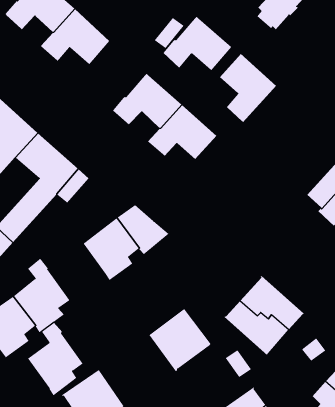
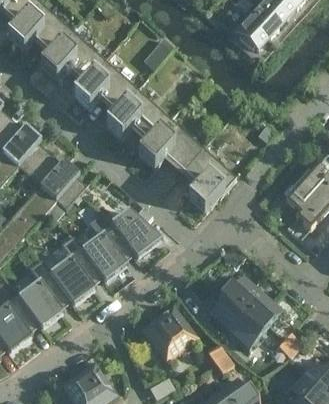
building: [162,16,232,71] -> [72,61,136,112]
building: [219,53,277,123] -> [181,148,234,212]
building: [27,322,84,396] -> [46,237,98,305]

